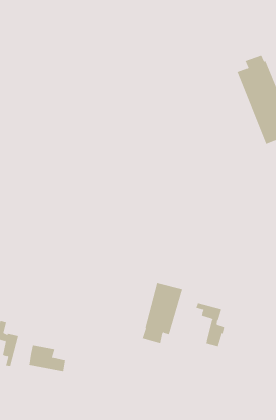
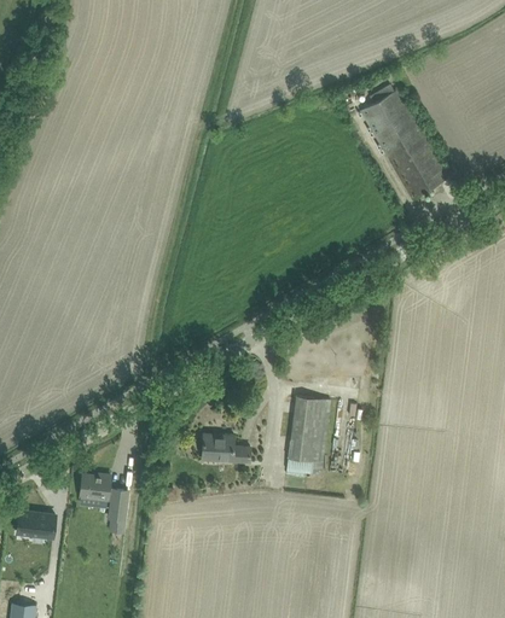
building: [196,303,225,347] -> none
building: [28,345,66,372] -> [202,433,249,462]

